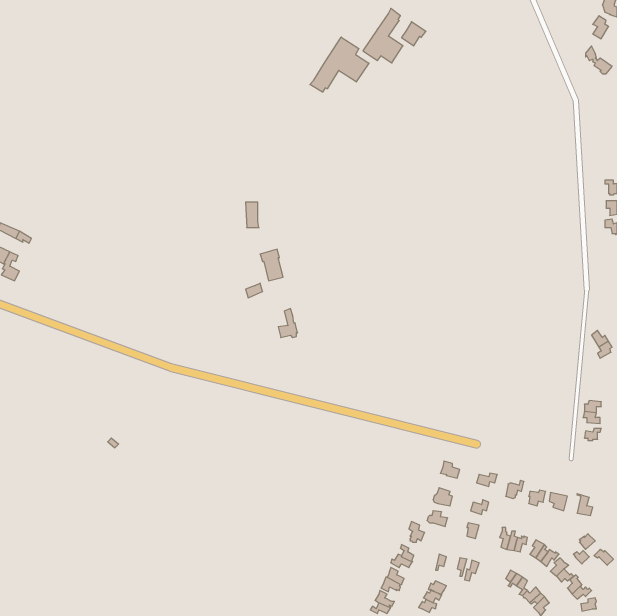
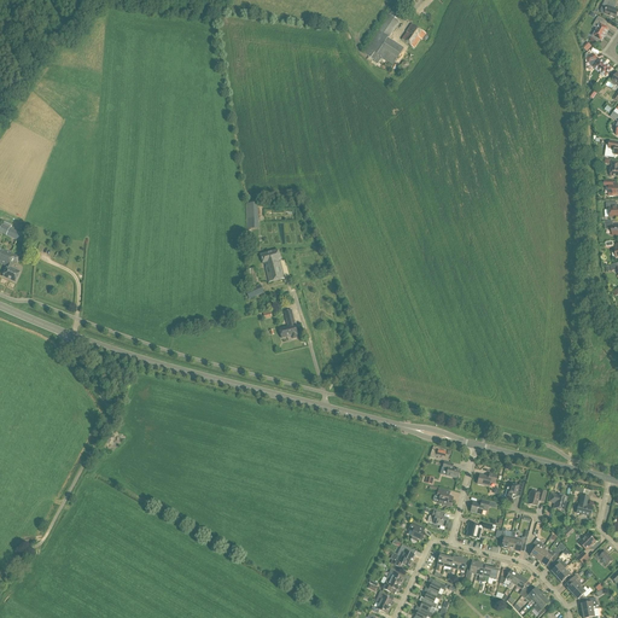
building: [310,37,369,92] -> none

